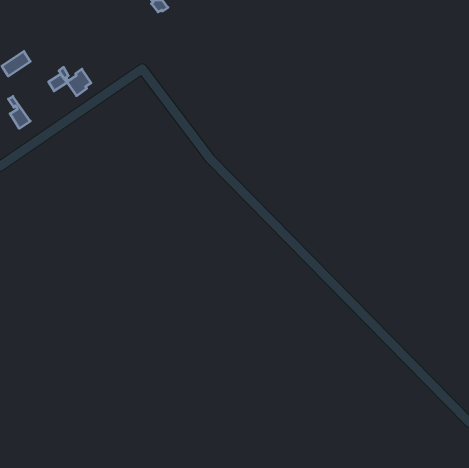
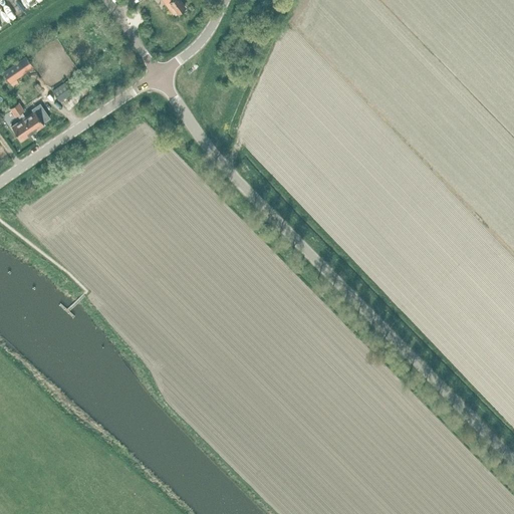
building: [59,67,91,96] -> [14,102,49,134]

